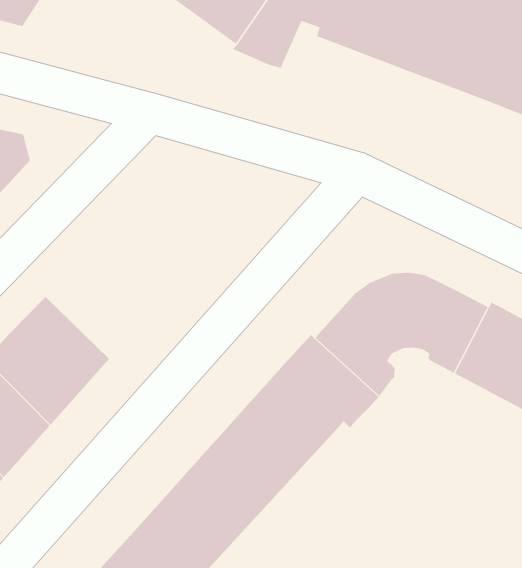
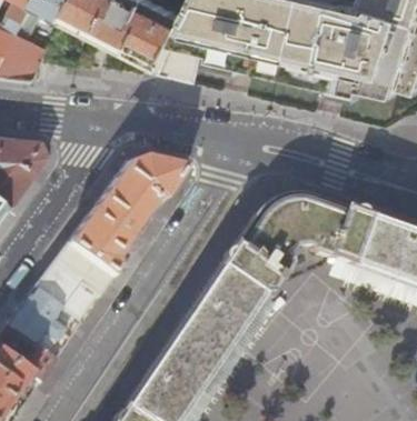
building: none -> [64,158,186,278]

